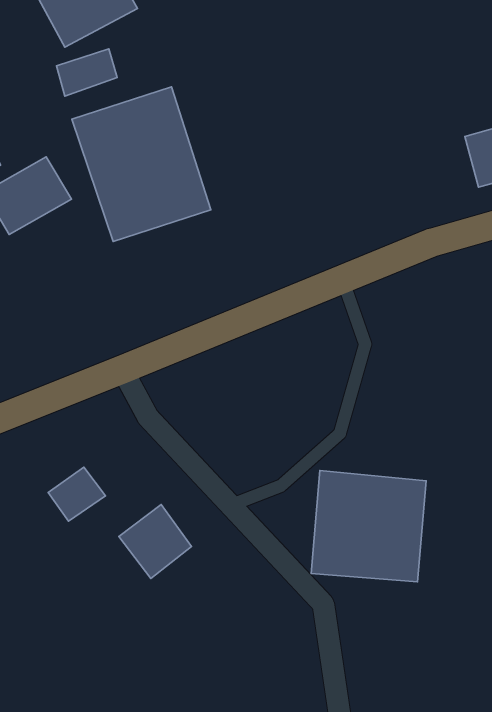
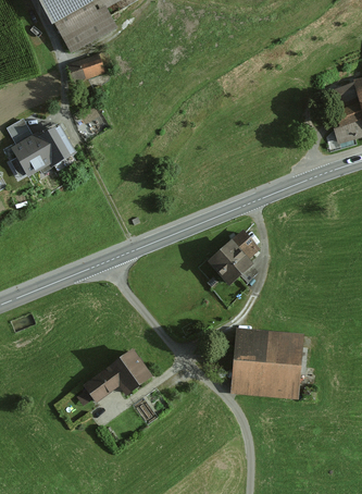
building: [72,87,211,242] -> none
building: none -> [207,230,259,285]
building: [48,467,106,521] -> [83,369,120,404]

